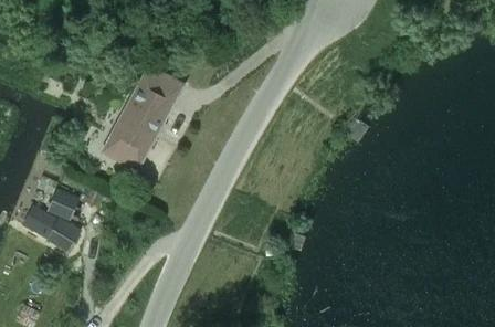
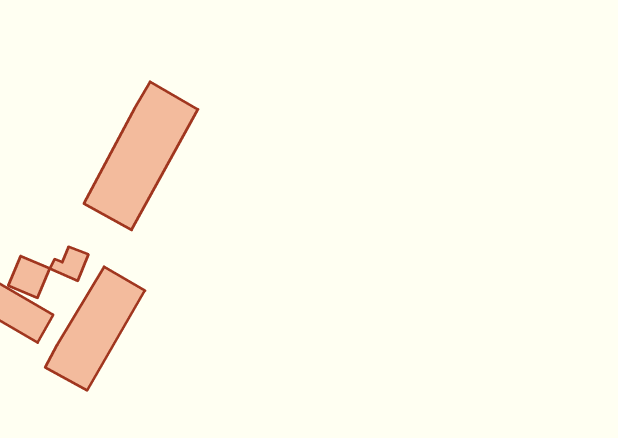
building: none -> [45,267,145,390]

